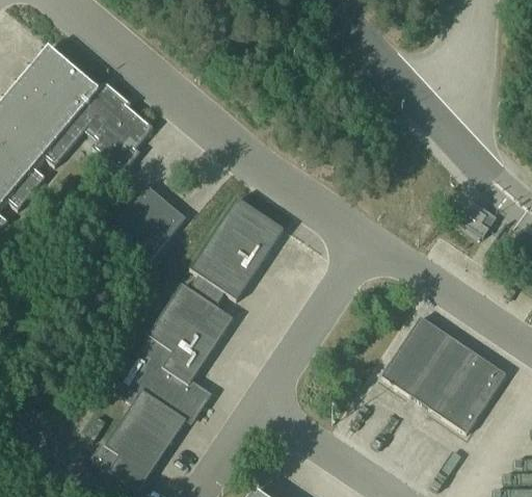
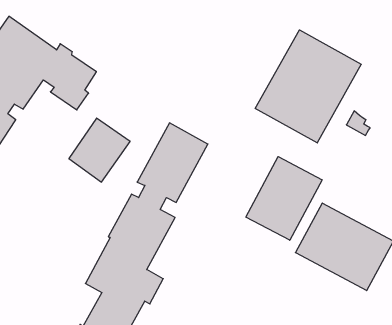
building: none -> [255,30,361,143]
building: none -> [246,157,322,240]

